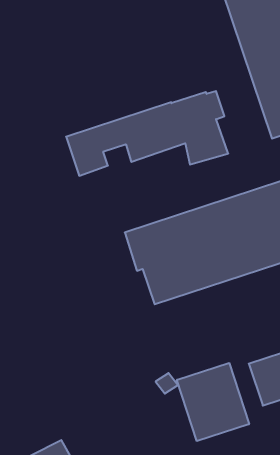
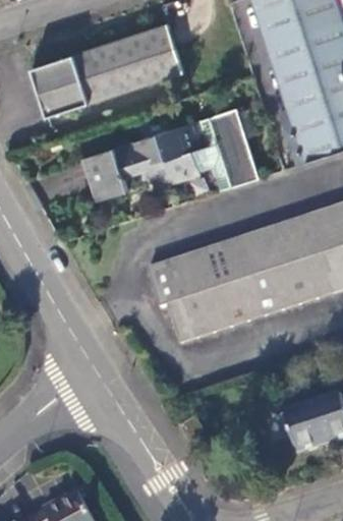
building: none -> [30,26,180,117]
building: [177,363,249,441] -> none

